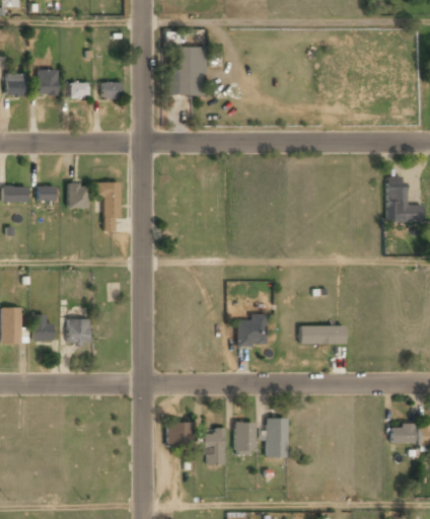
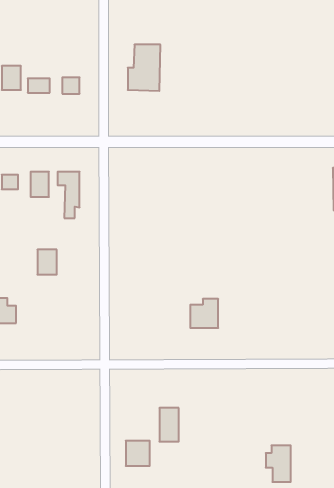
building: [68,319,88,346] -> [37,250,57,275]
building: [300,325,345,344] -> none
building: [260,418,286,456] -> [266,445,291,482]
building: [166,423,192,449] -> [126,441,150,466]
building: [234,423,255,455] -> none

